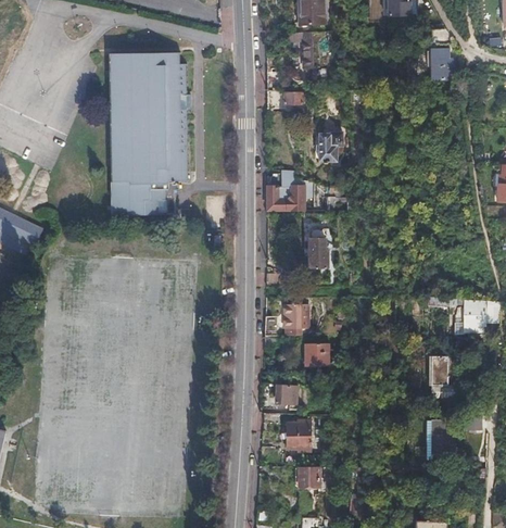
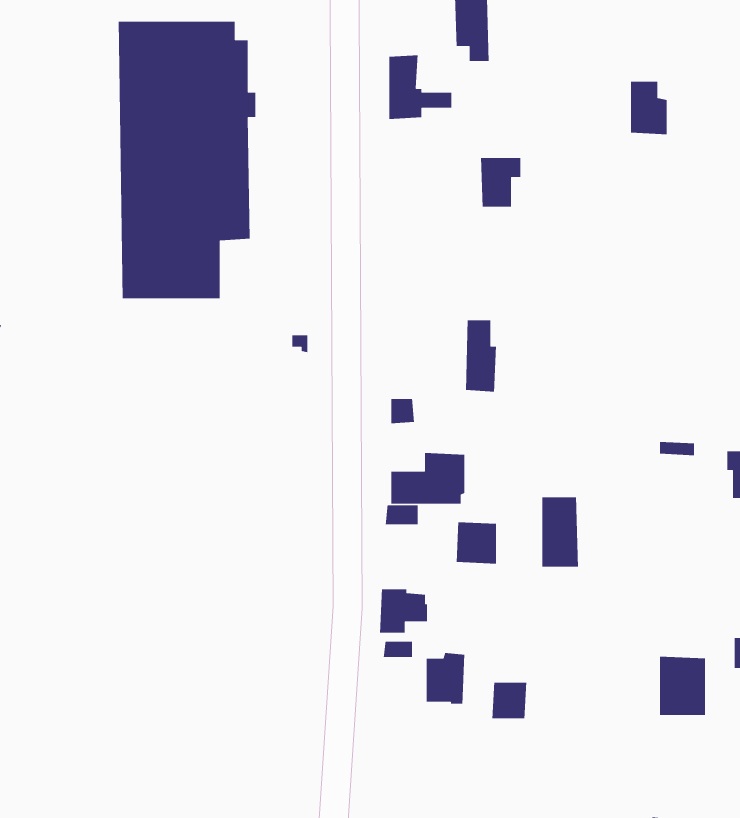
building: [432,48,454,79] -> [630,81,667,135]
building: [266,168,303,210] -> none
building: [427,355,448,397] -> [541,496,579,567]
building: [299,465,319,487] -> [492,682,527,719]

